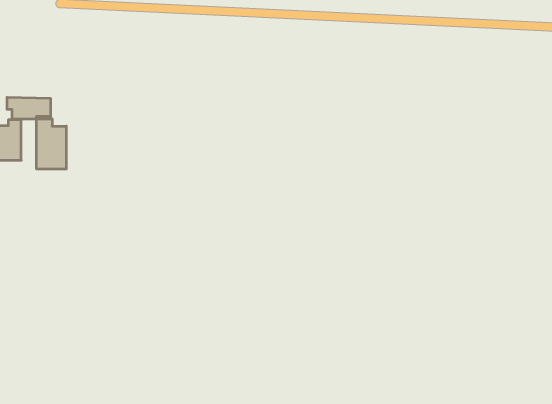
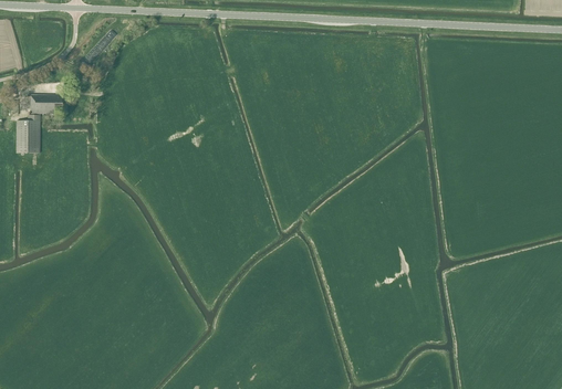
building: [37,119,66,169] -> none

